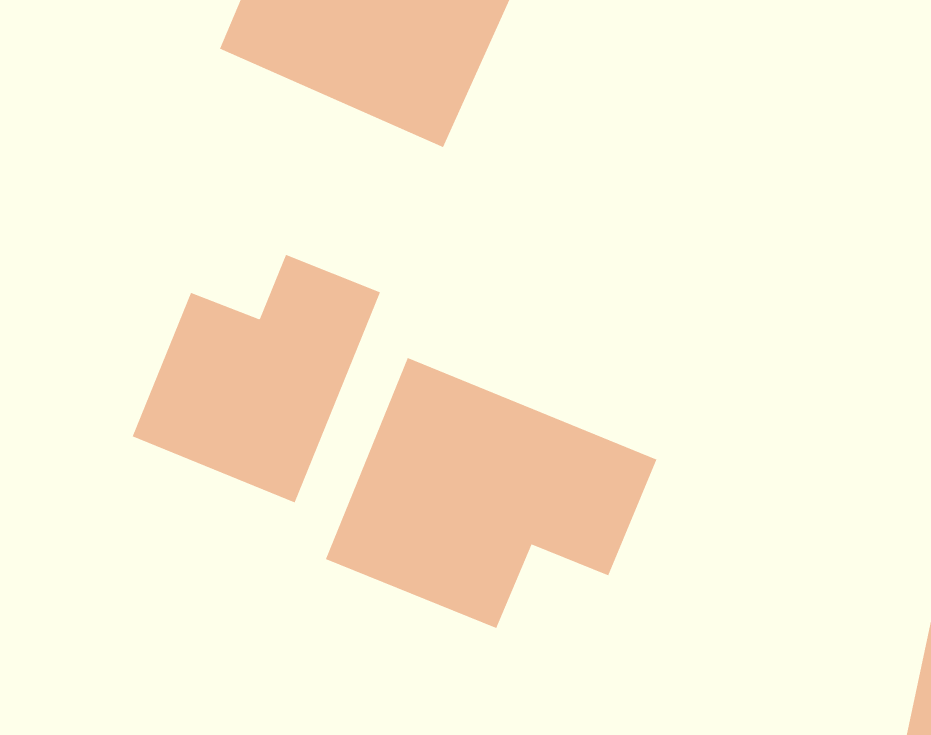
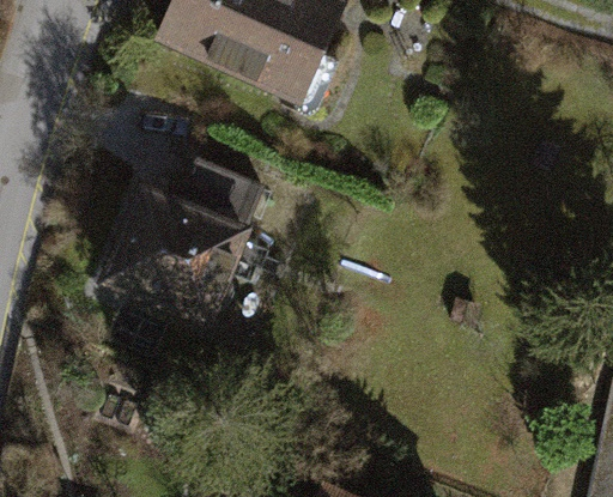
building: [325,357,657,629] -> none

